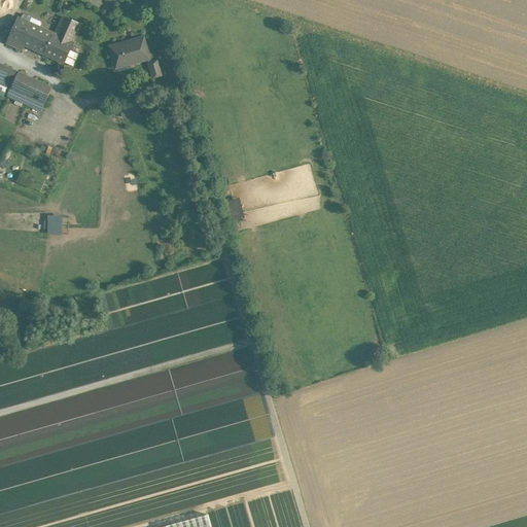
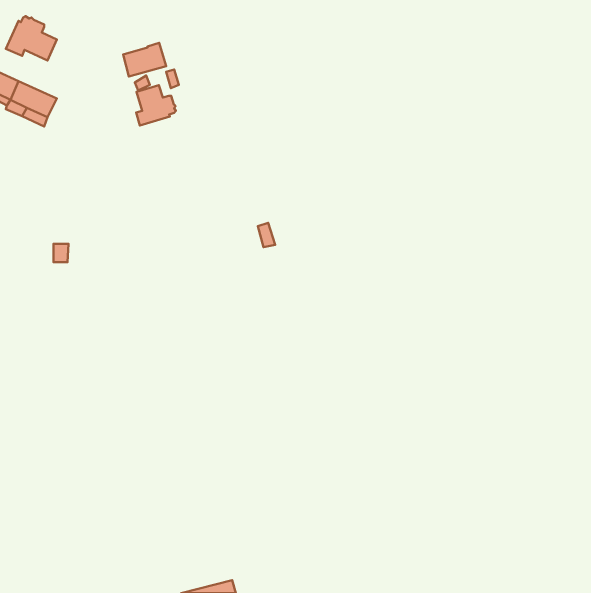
building: [42,17,78,67] -> none
building: none -> [136,85,176,126]

